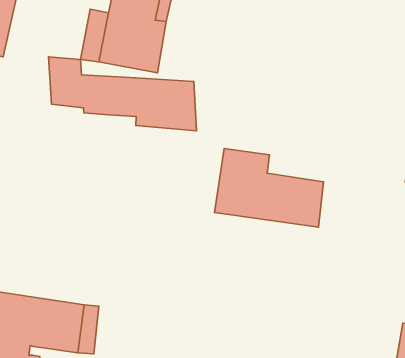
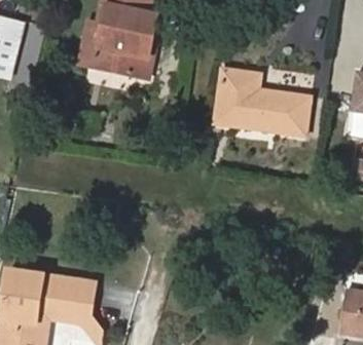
building: [48,57,197,131] -> none
building: [214,149,323,227] -> [219,67,311,132]

